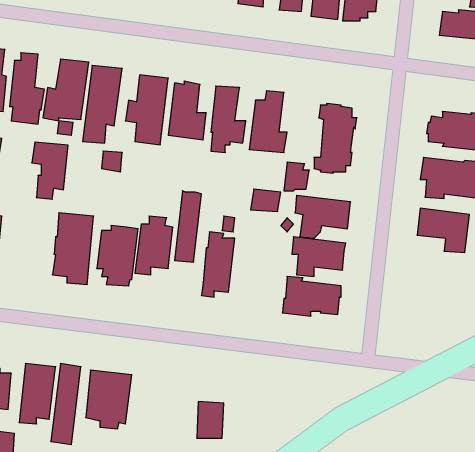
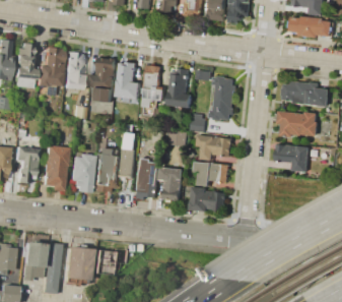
building: [32,142,68,199] -> [13,146,37,183]
building: none -> [158,167,183,200]
building: [197,402,224,438] -> [92,250,110,274]

